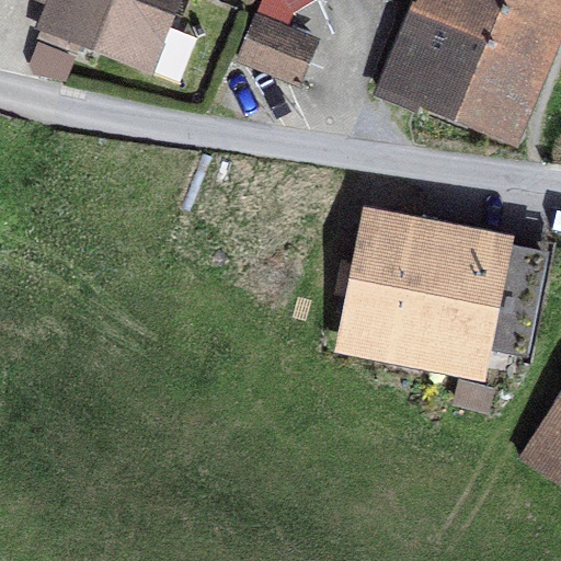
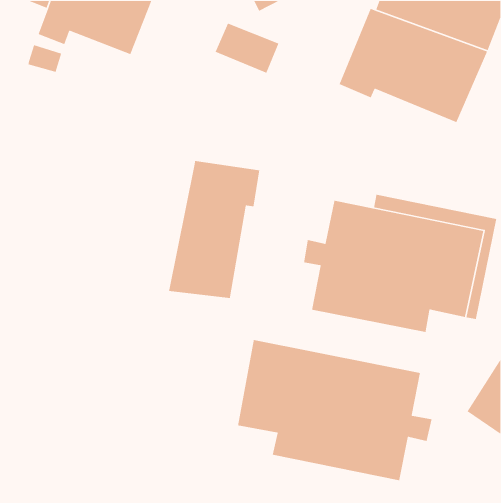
building: none -> [168,160,260,299]
building: none -> [237,339,433,481]

